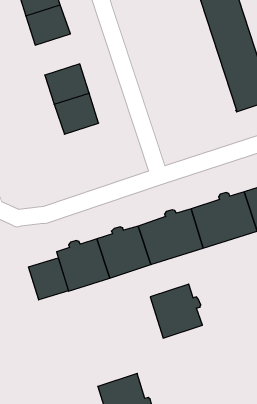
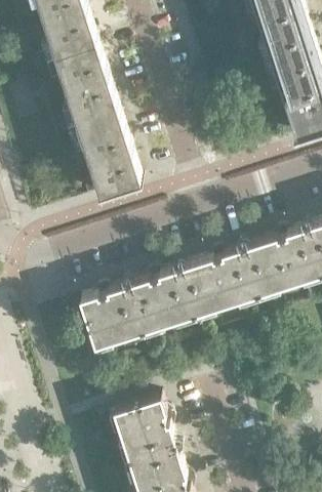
building: none -> [54,43,108,92]
building: none -> [89,150,143,199]
building: [28,258,69,300] -> none
building: [150,284,202,338] -> [114,400,176,464]

